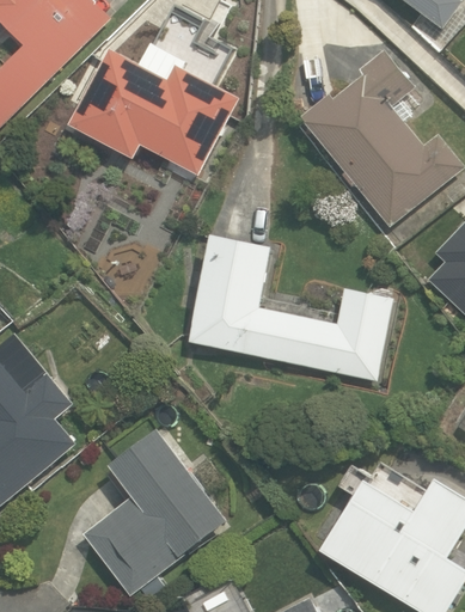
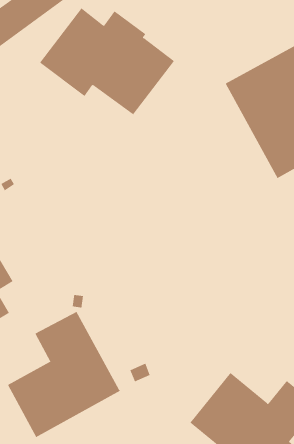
building: [189,237,390,379] -> none

